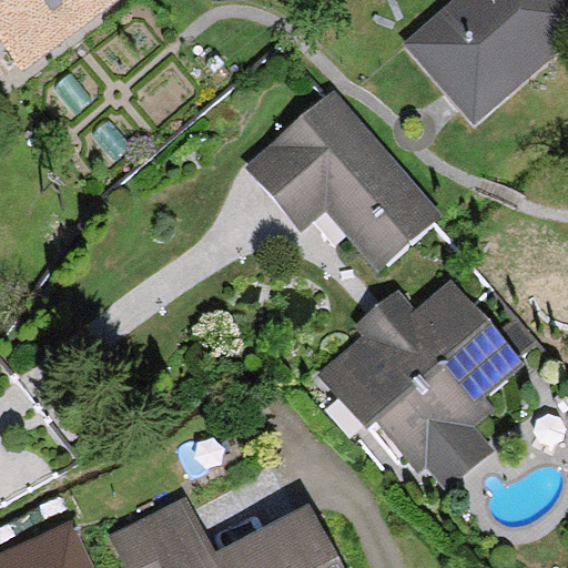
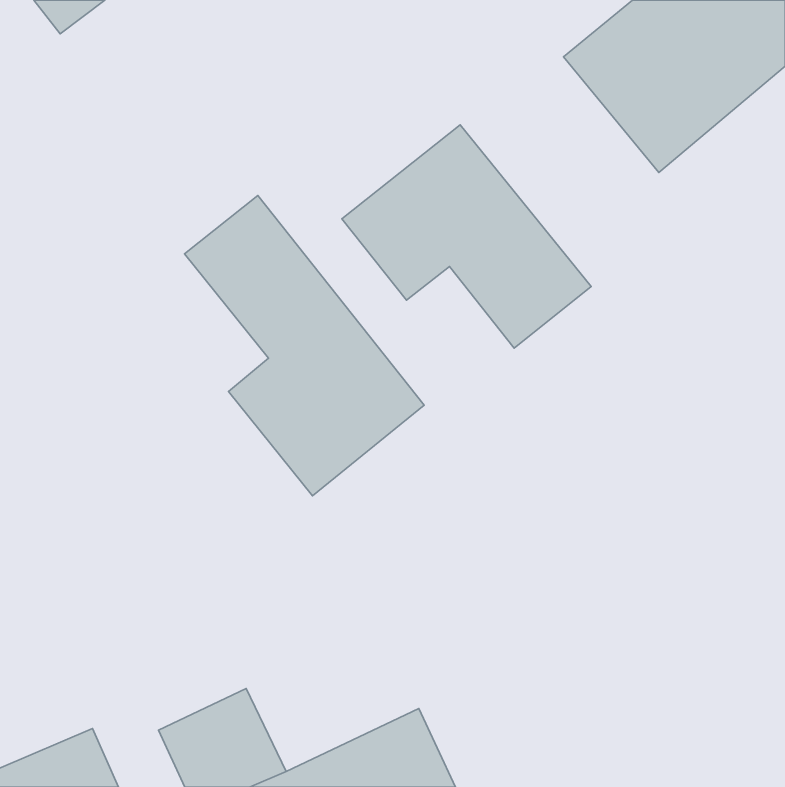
building: none -> [185,195,424,496]
building: [325,293,511,487] -> none

